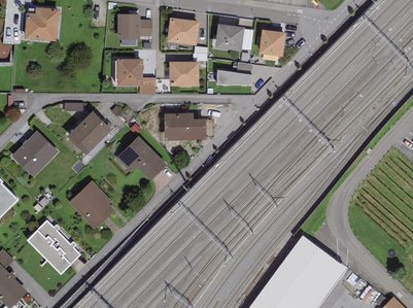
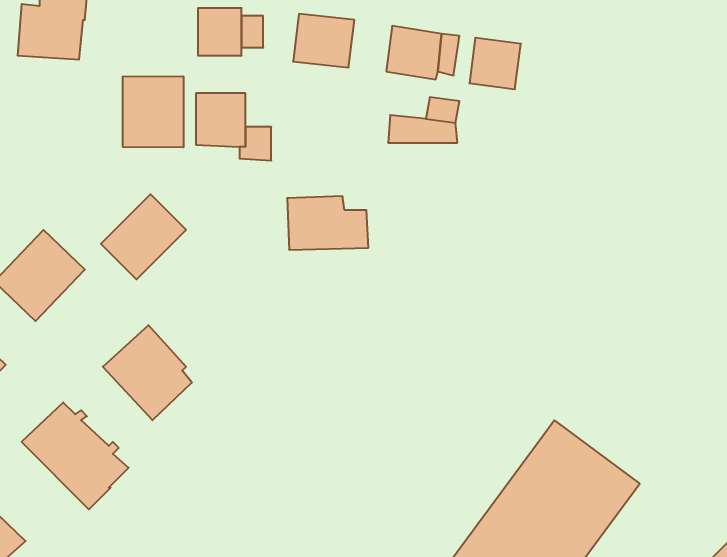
building: none -> [123,76,183,147]
building: [169,61,199,87] -> none
building: [116,136,166,180] -> none

